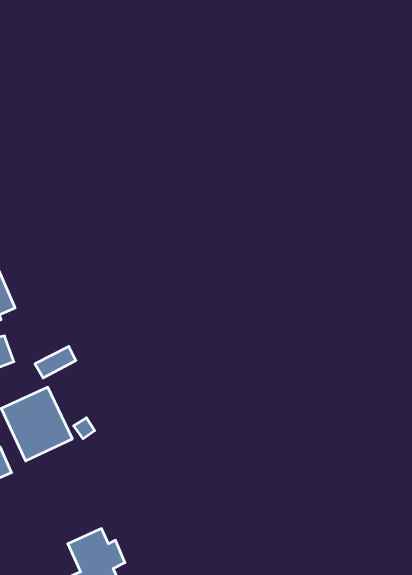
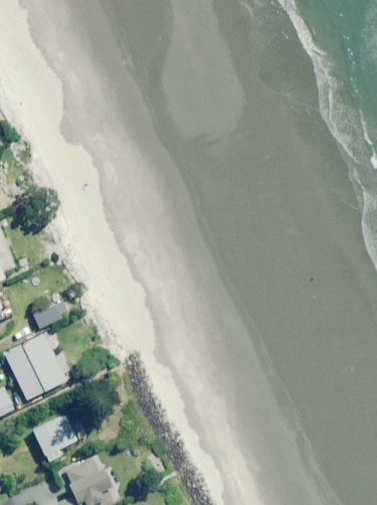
building: none -> [31,412,76,461]

